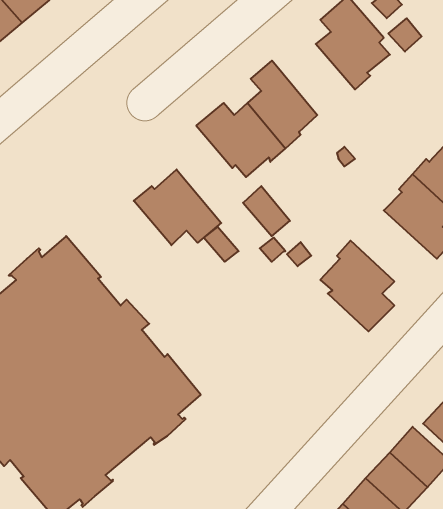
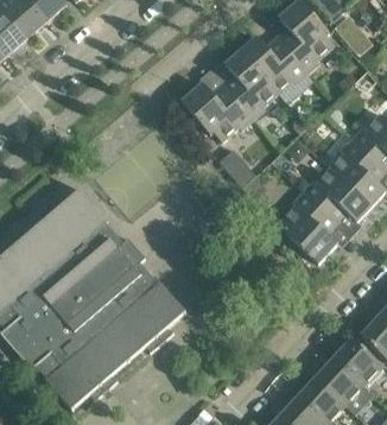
building: none -> [241,38,306,94]
building: [134,169,221,245] -> none
building: none -> [303,169,370,224]

